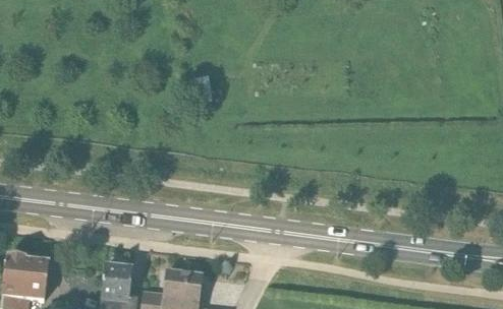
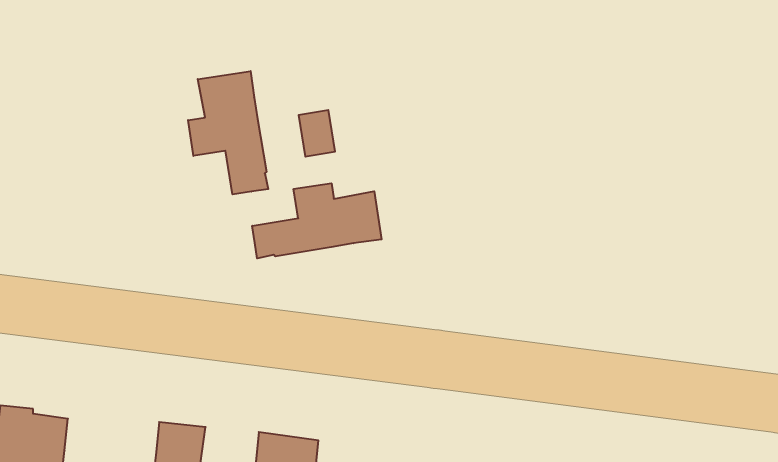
building: none -> [188,71,268,194]
building: none -> [252,183,382,258]

